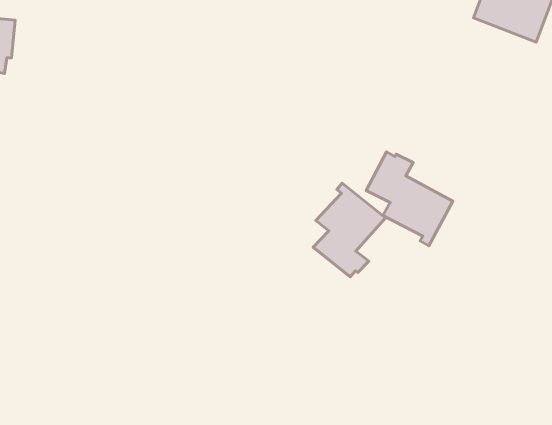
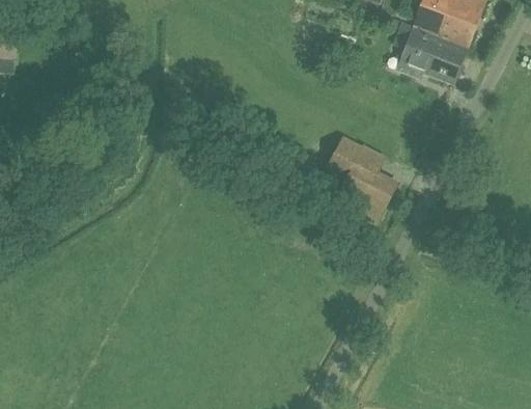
building: none -> [394,23,468,83]
building: [313,183,386,277] -> none

